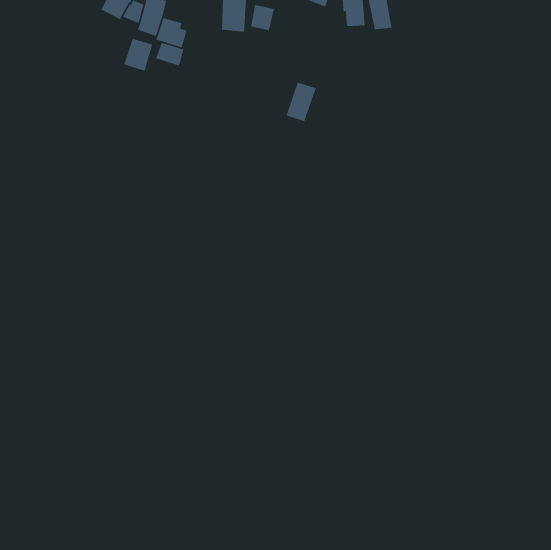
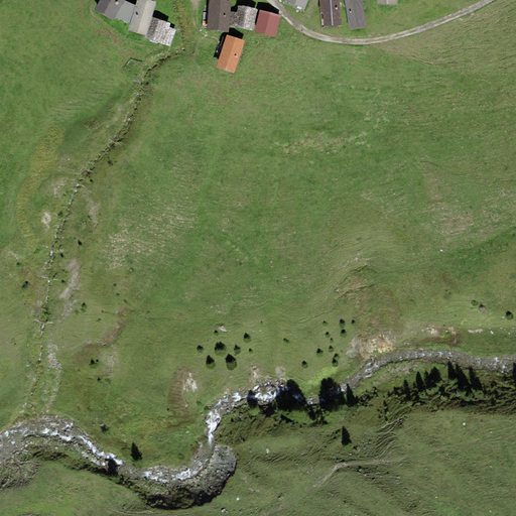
building: none -> [254,8,281,35]
building: [123,38,153,72] -> none
building: [155,42,184,67] -> none
building: [285,81,317,122] -> [216,33,245,72]

